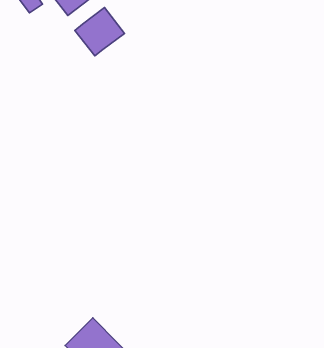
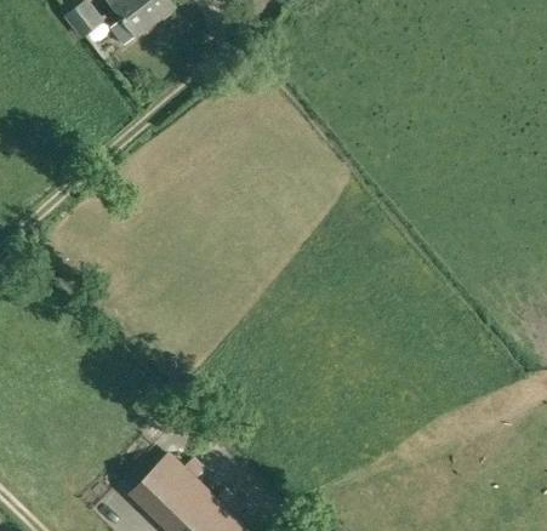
building: [75,7,124,56] -> none

